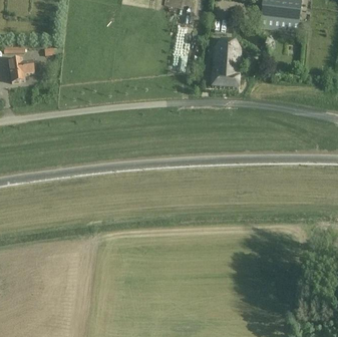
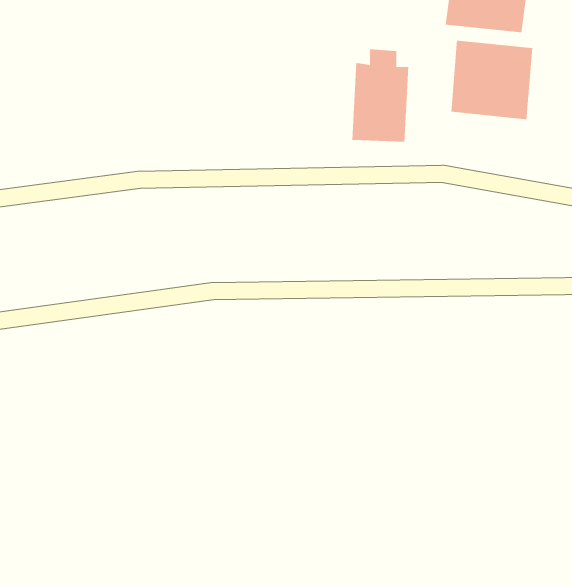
building: none -> [451,40,533,120]

